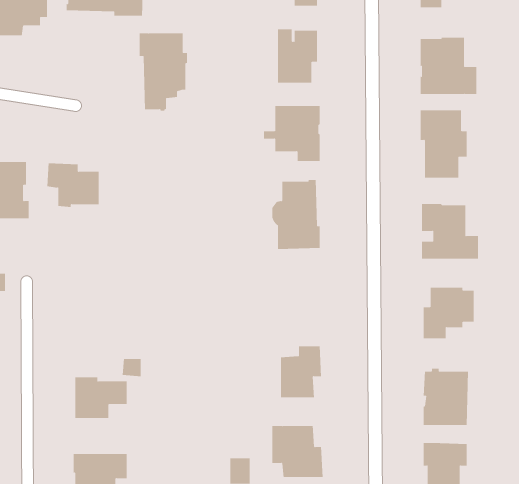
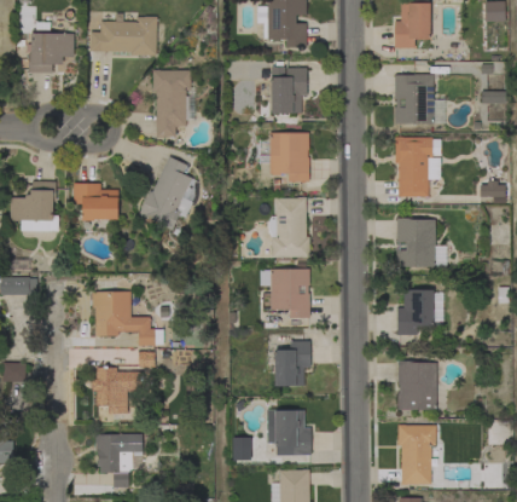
building: none -> [139,156,194,230]
building: none -> [260,269,309,318]
building: none -> [92,292,163,346]

